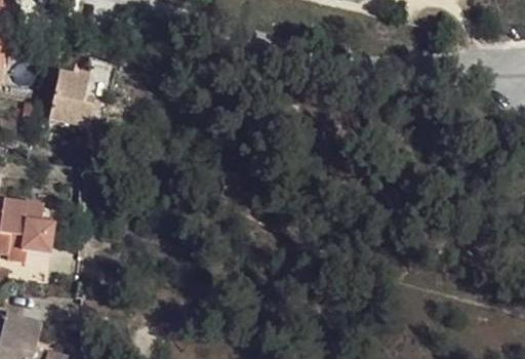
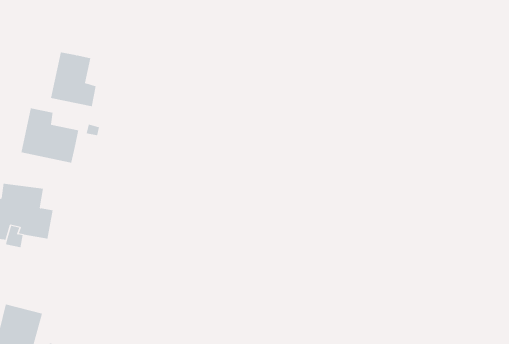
building: none -> [21,108,79,163]

